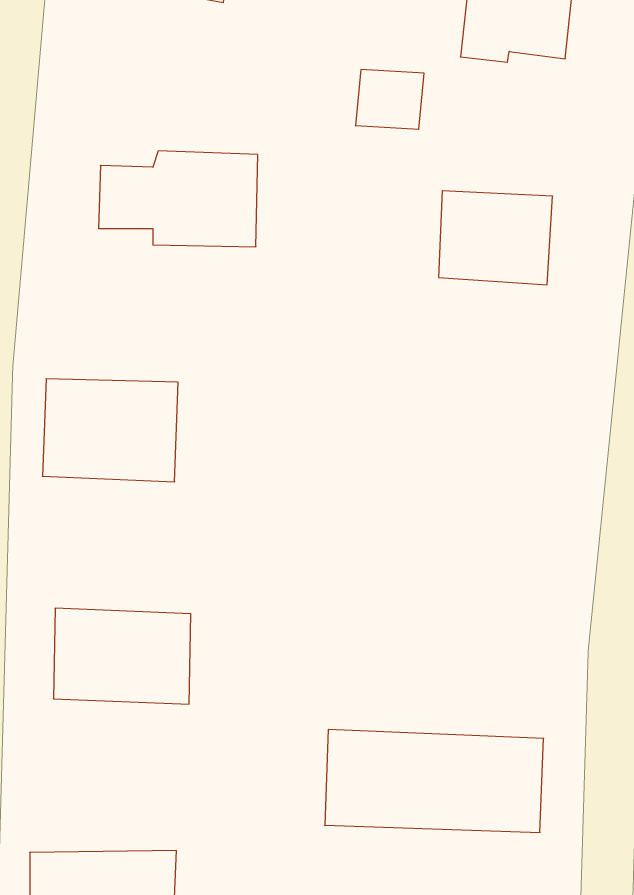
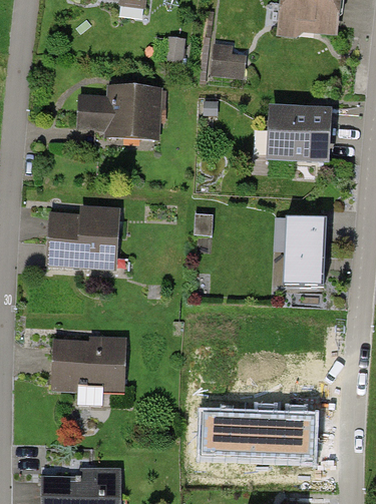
building: none -> [276,215,330,286]

